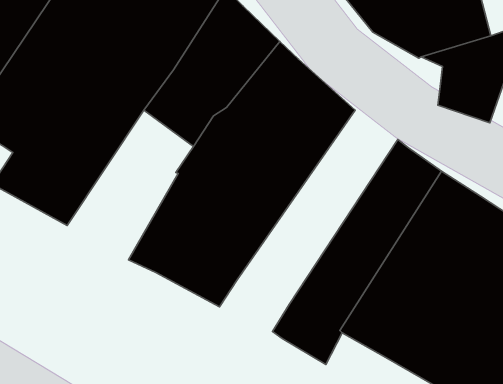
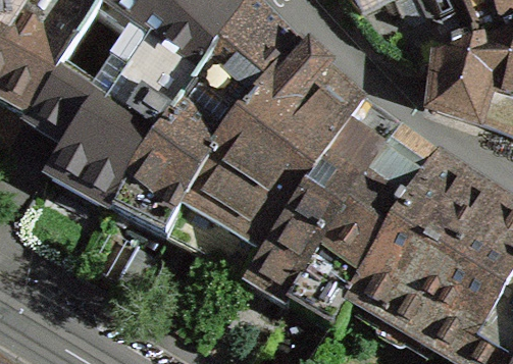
building: none -> [109,101,218,230]
building: none -> [241,101,395,297]

